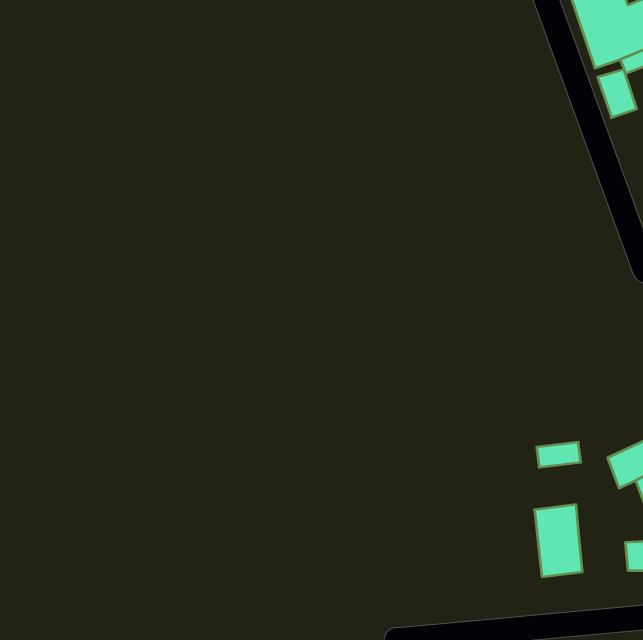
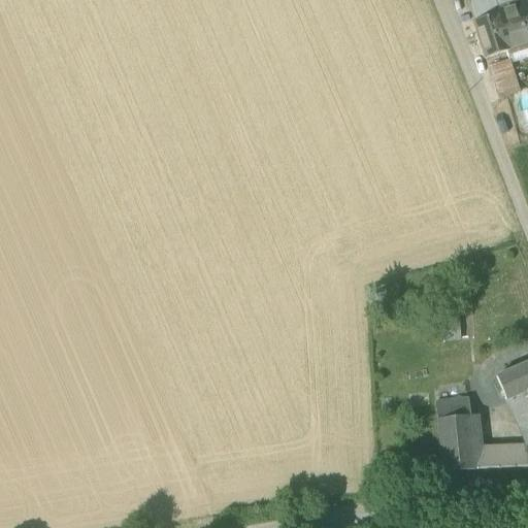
building: [537,442,581,467] -> [436,395,472,416]
building: none -> [475,442,515,466]

